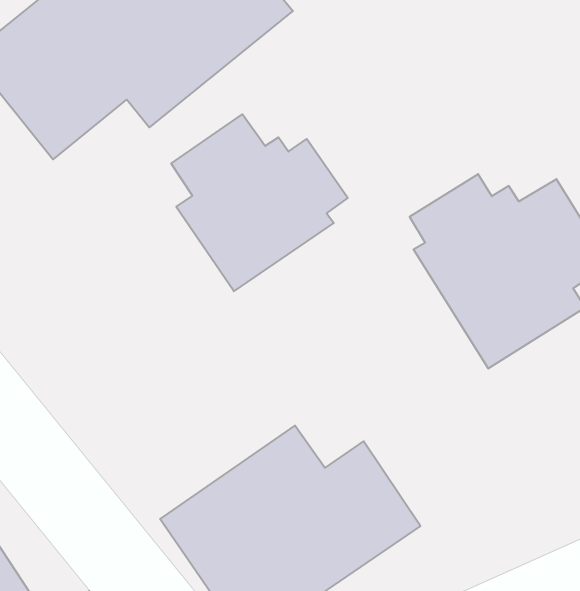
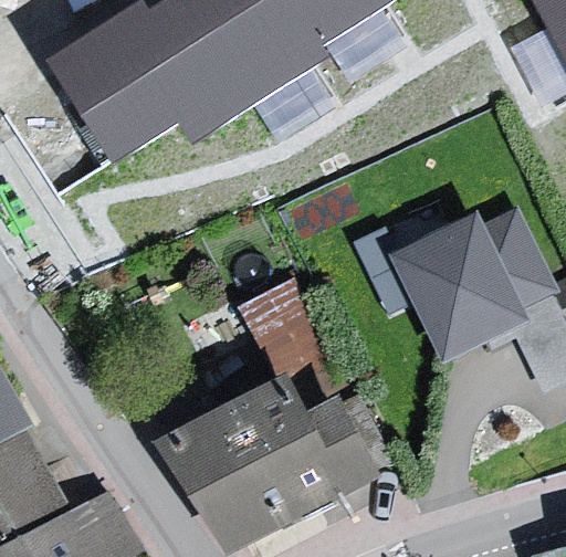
building: [171,114,348,291] -> none
building: none -> [244,284,346,413]

